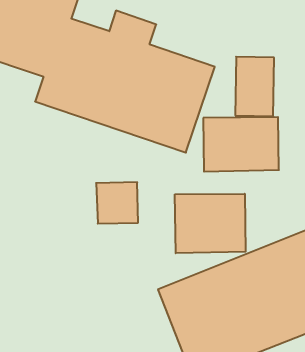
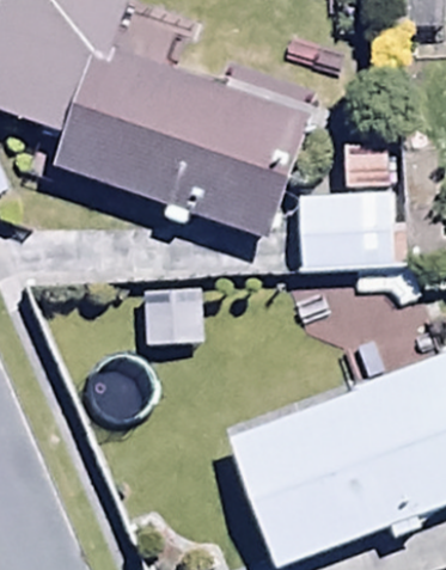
building: [175,194,246,253] -> none

